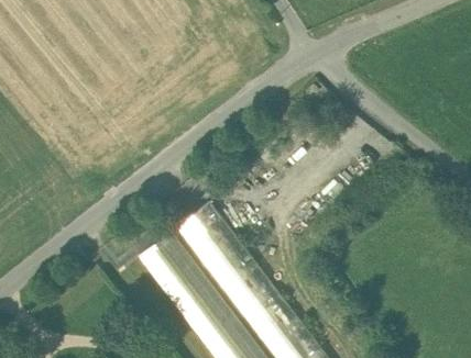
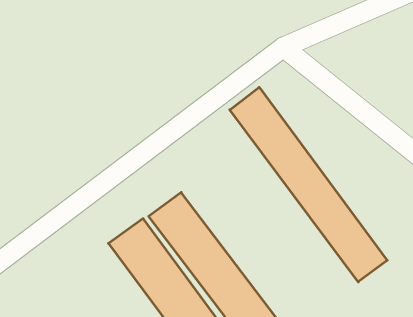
building: none -> [230,87,387,282]

